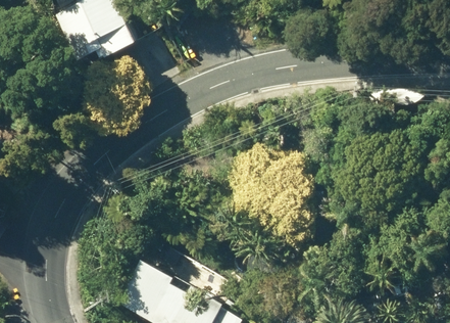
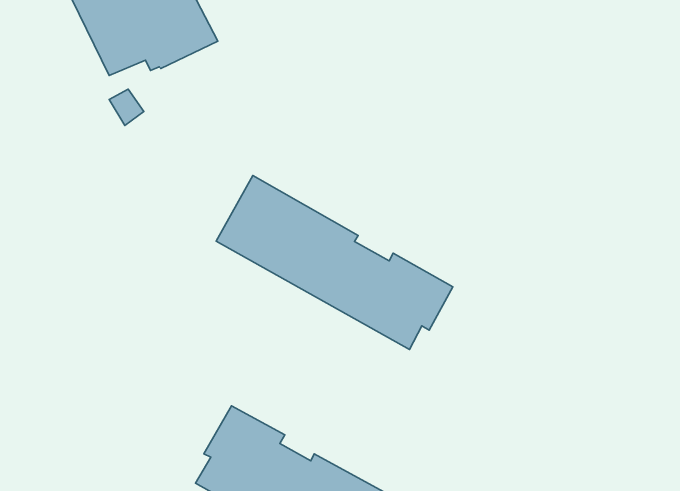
building: none -> [216,176,453,350]

